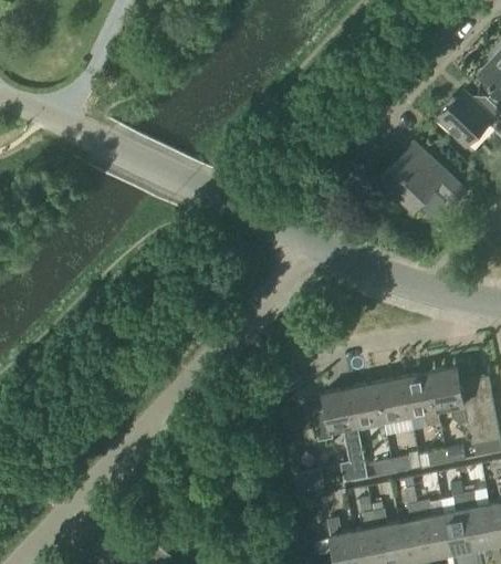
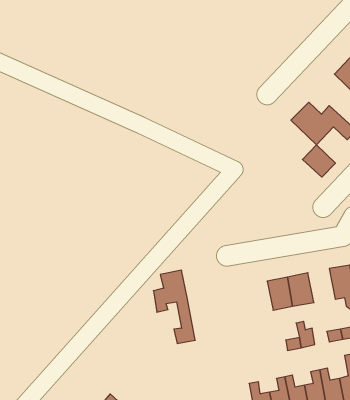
building: none -> [302,145,335,177]
building: [403,372,440,428] -> none
building: [313,388,367,483] -> [153,270,195,344]

